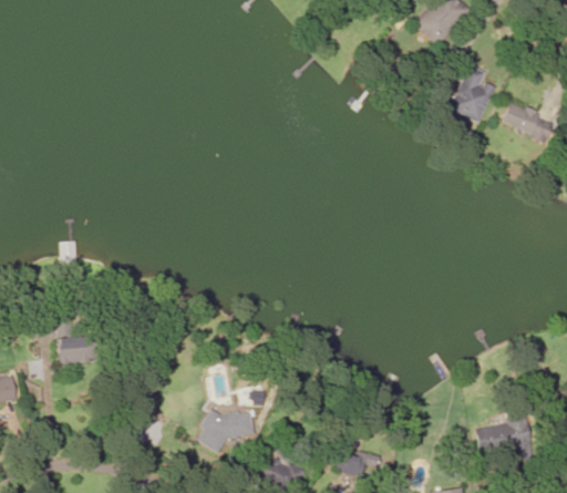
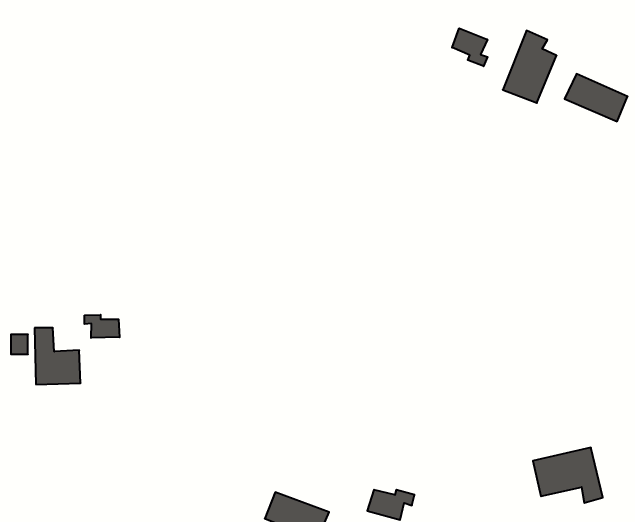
building: none -> [452,28,488,66]
building: none -> [84,315,120,338]
building: [202,408,252,450] -> none

